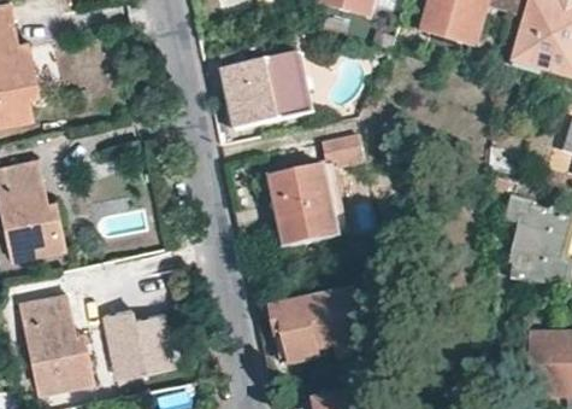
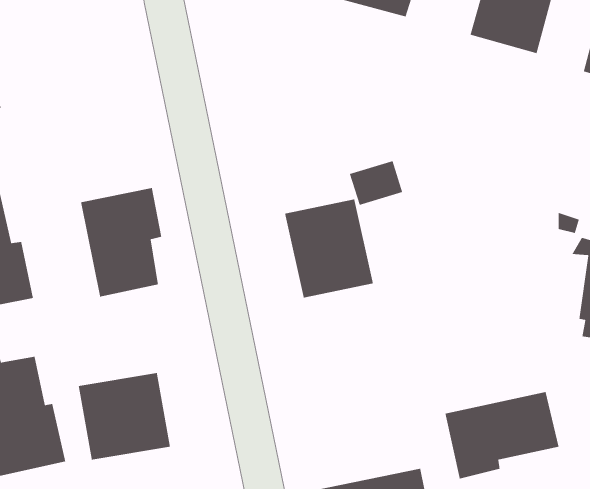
building: [220,47,314,129] -> none
building: none -> [80,187,162,298]
building: [273,291,367,363] -> [445,391,559,479]

